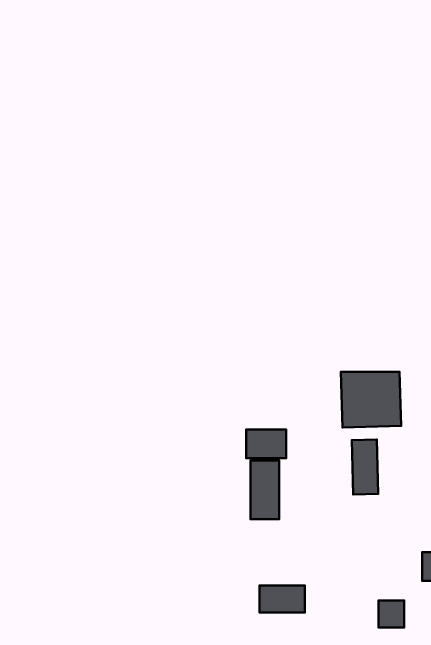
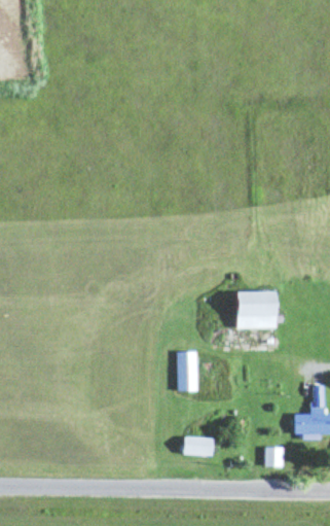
building: [246,430,286,458] -> none
building: [352,440,378,494] -> none

